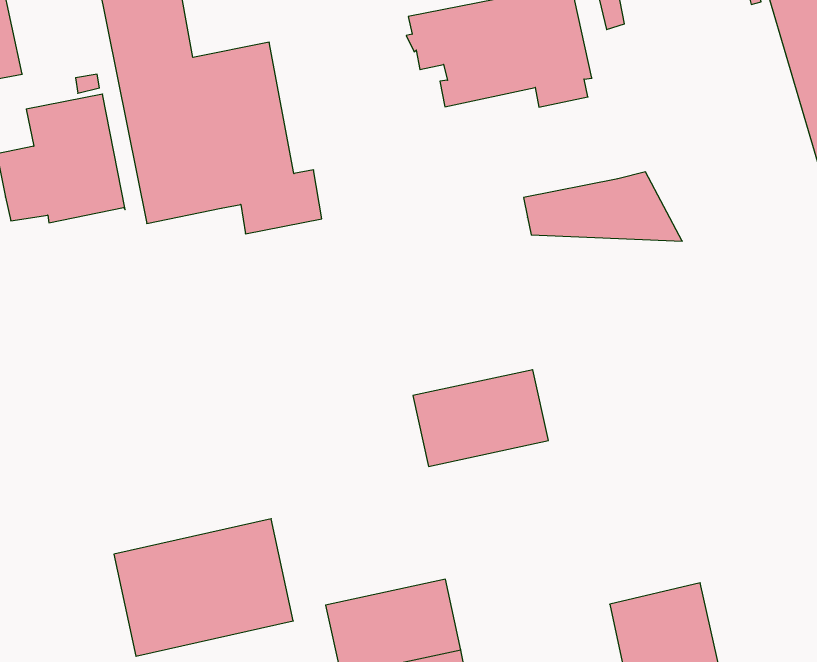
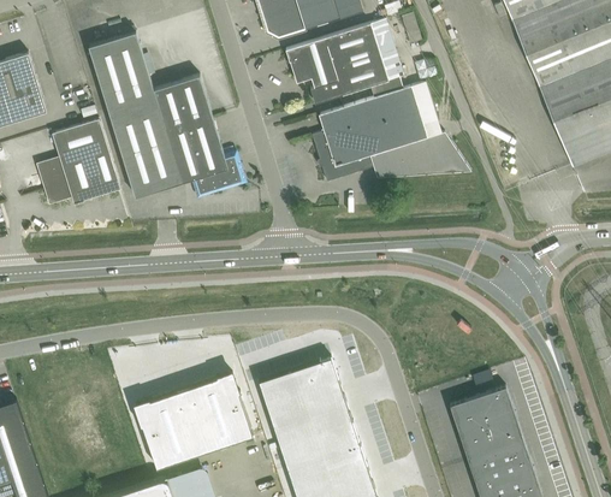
building: none -> [312,87,427,183]
building: [413,370,548,466] -> [257,357,345,425]

